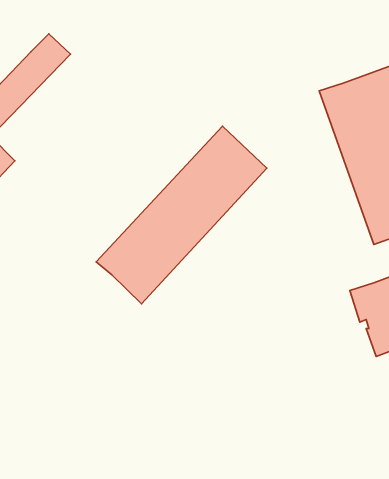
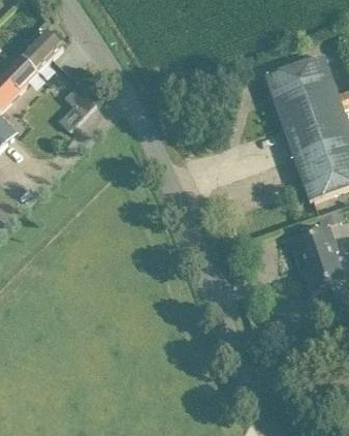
building: none -> [59,83,96,129]
building: [96,126,267,304] -> none

